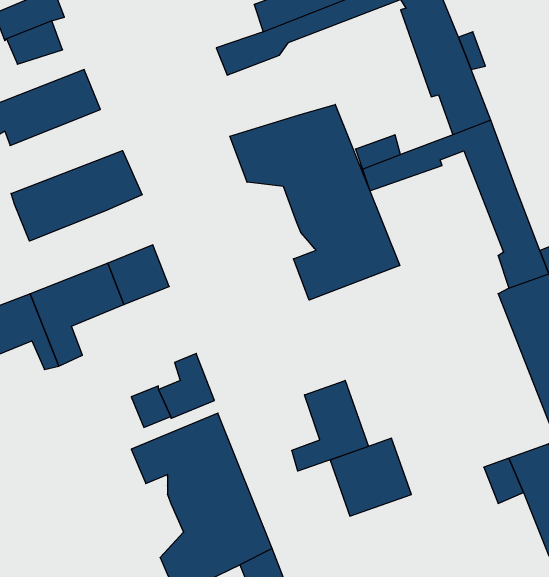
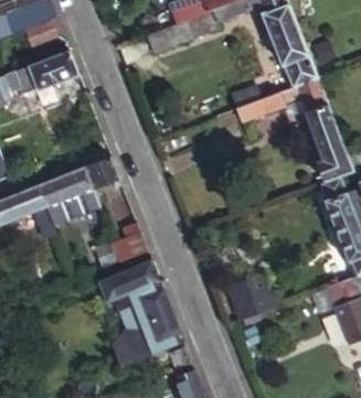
building: [230,104,400,300] -> none
building: [11,151,142,241] -> none
building: [292,380,368,471] -> none

